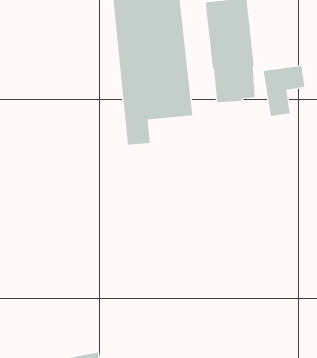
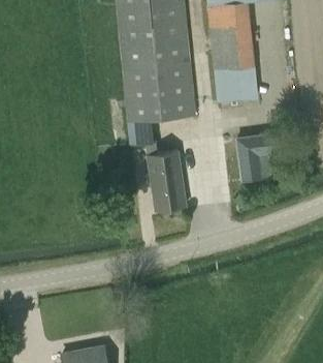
building: [263,66,305,117] -> [233,132,274,182]
building: none -> [148,153,186,211]

